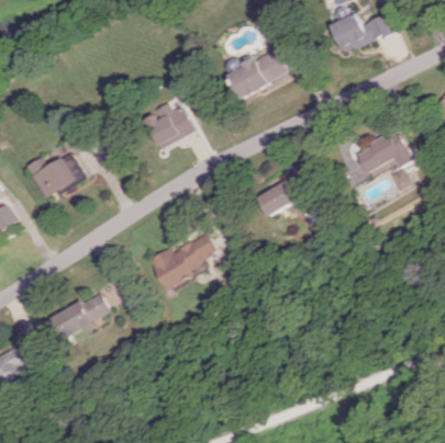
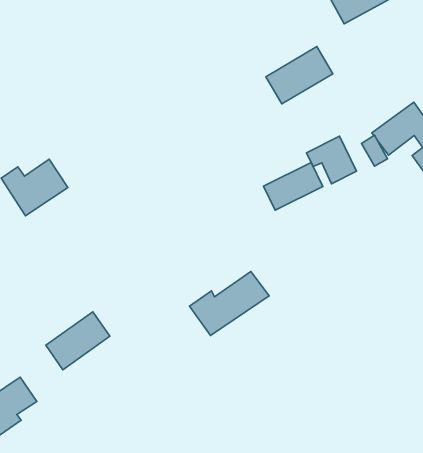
building: [225,49,285,98] -> [266,47,333,104]
building: [143,104,192,148] -> none
building: none -> [307,136,356,184]
building: [147,234,219,287] -> [189,271,269,335]

